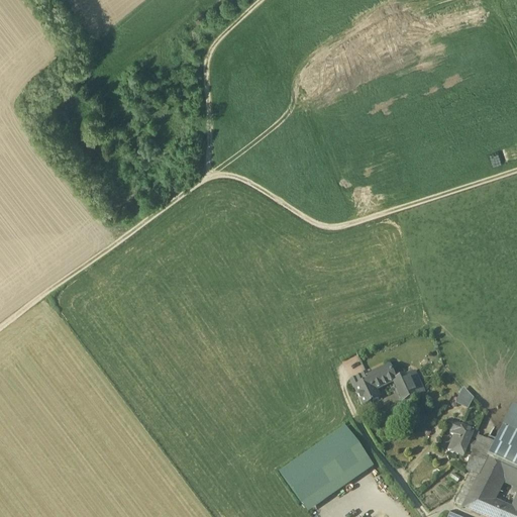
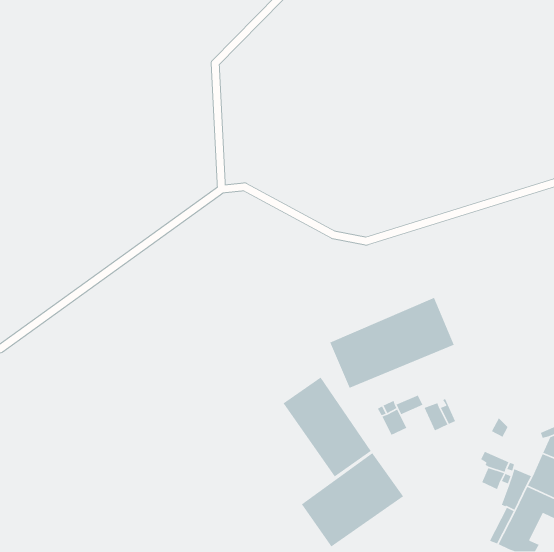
building: none -> [329,297,455,389]
building: none -> [282,376,372,477]

